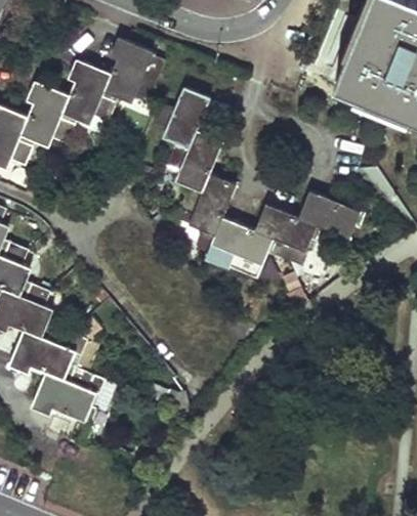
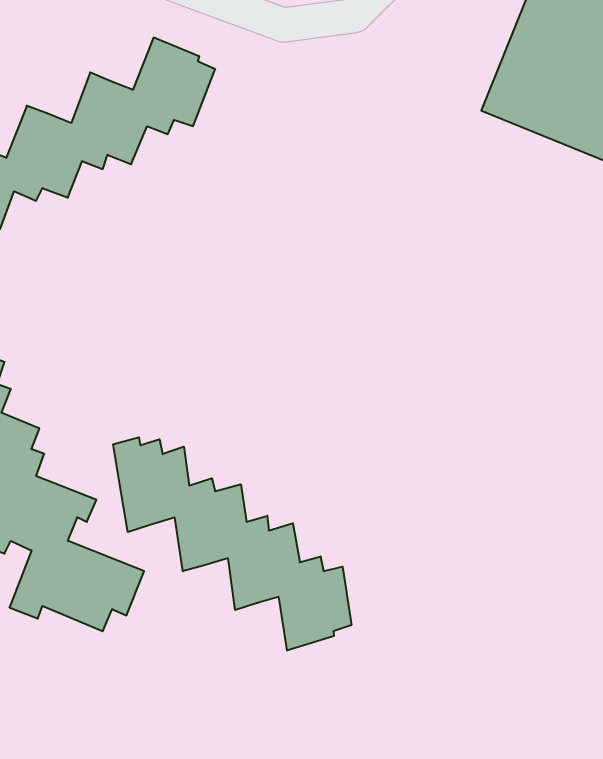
building: [153,88,365,277] -> none
building: none -> [113,437,351,651]

